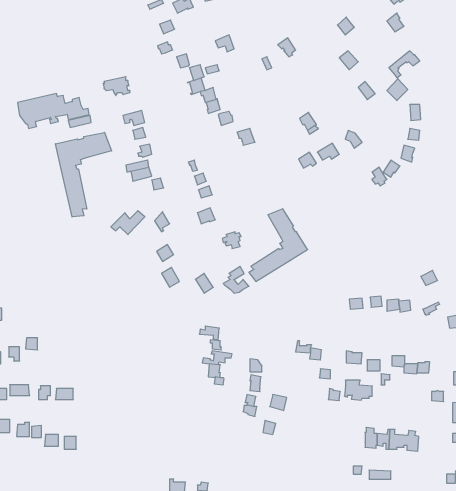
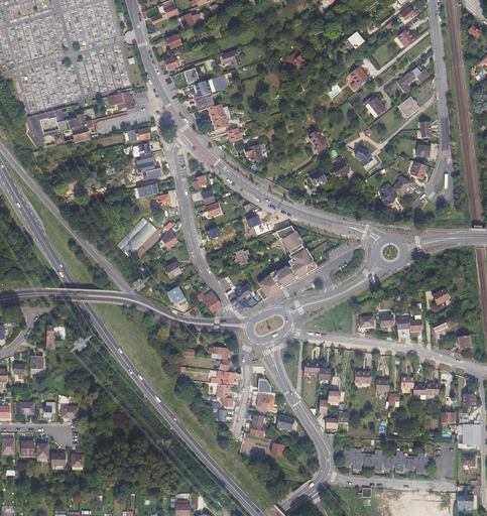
building: [56,132,112,217] -> none
building: [344,380,372,400] -> [347,446,375,467]

